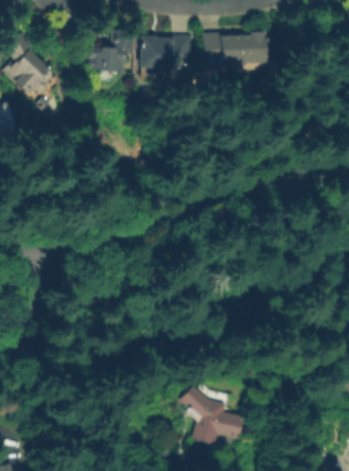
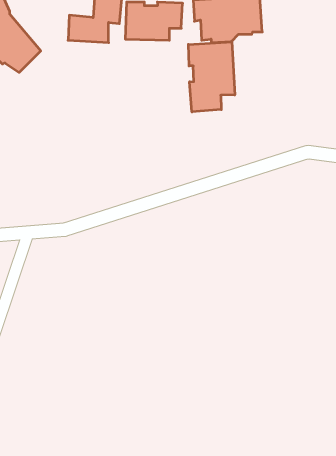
building: none -> [188,42,235,112]
building: [177,380,242,446] -> none

